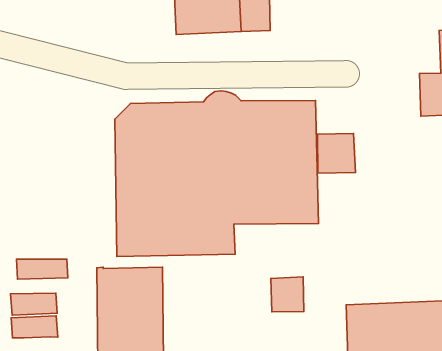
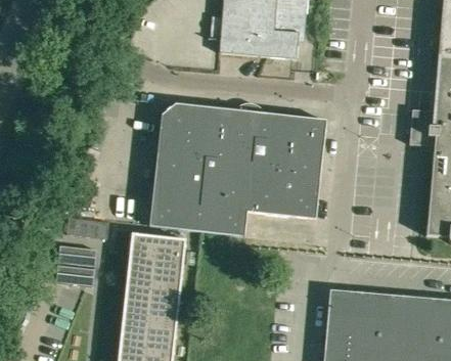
building: [317,133,356,173] -> none
building: [271,277,304,312] -> none

